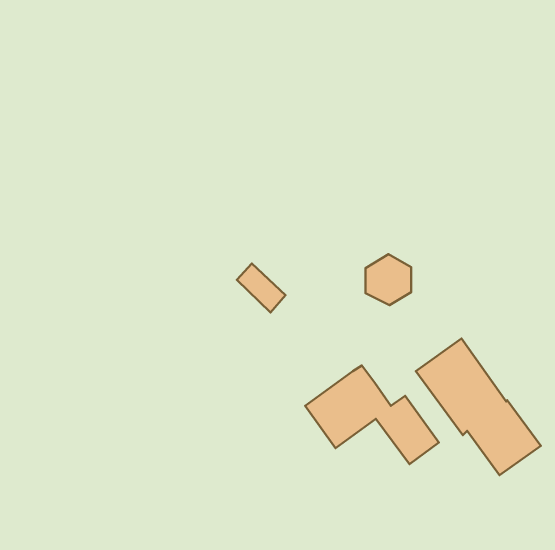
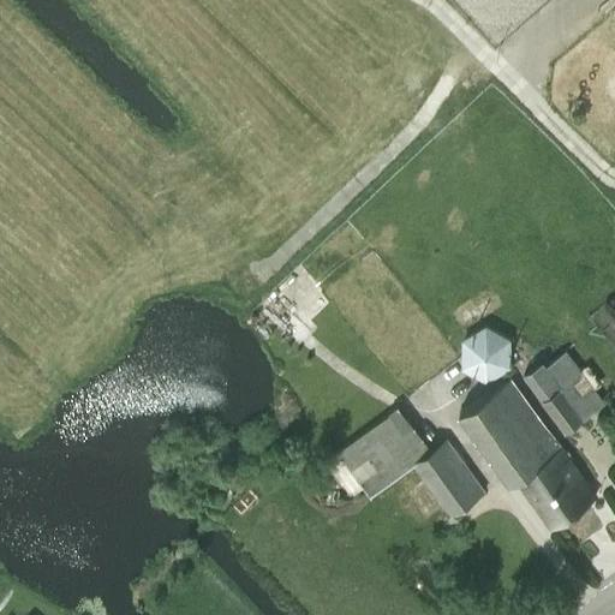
building: [366,254,411,305] -> [461,328,512,384]
building: none -> [526,353,603,434]

